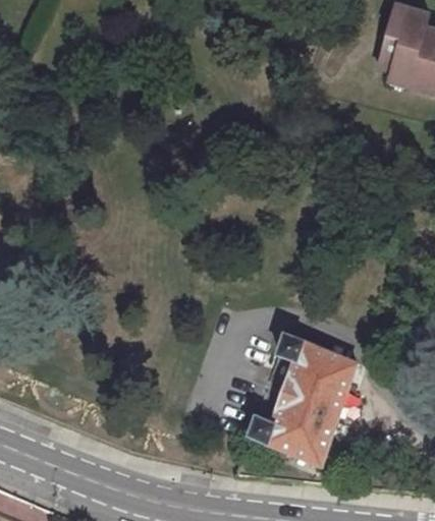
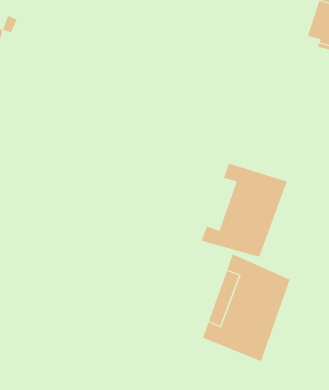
building: none -> [201,163,287,258]

